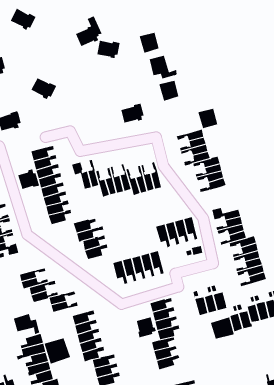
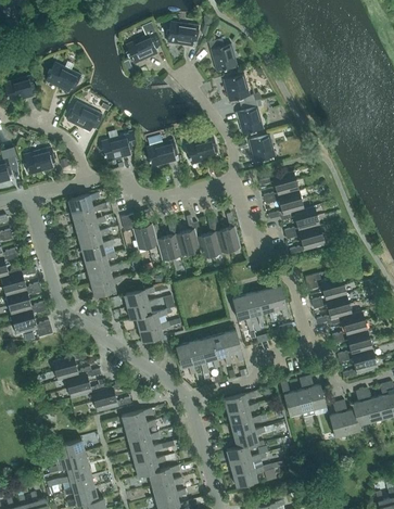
building: [10,8,36,31] -> [46,63,80,93]
building: [97,40,121,59] -> [167,23,199,47]
building: none -> [101,131,136,161]
building: none -> [145,135,177,166]
building: [197,108,218,129] -> [247,135,275,162]
building: [17,169,40,190] -> none
building: [13,313,40,335] -> none
building: [136,316,156,338] -> none
building: [210,317,234,340] -> none
building: [44,337,71,364] -> none

